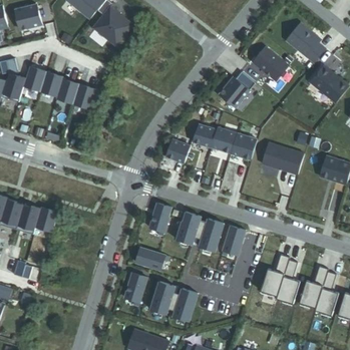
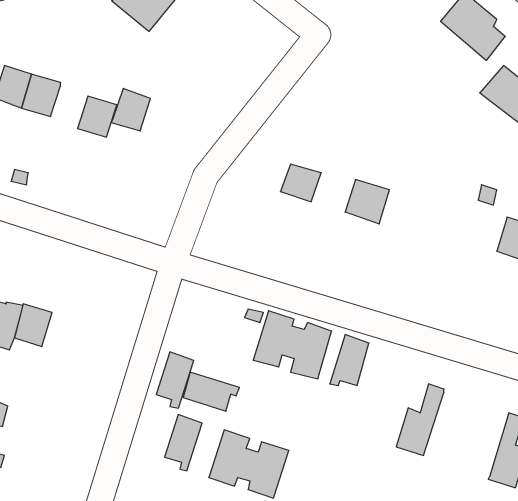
building: [253,46,288,81] -> none
building: [219,71,255,107] -> none
building: [56,78,79,103] -> [111,88,150,131]
building: [211,126,237,152] -> none
building: [165,138,191,162] -> none
building: [262,142,304,174] -> none
building: [149,202,171,235] -> [156,352,194,408]
building: [277,259,300,303] -> none
building: [299,266,328,308] -> none

